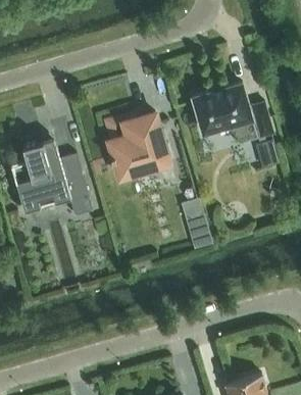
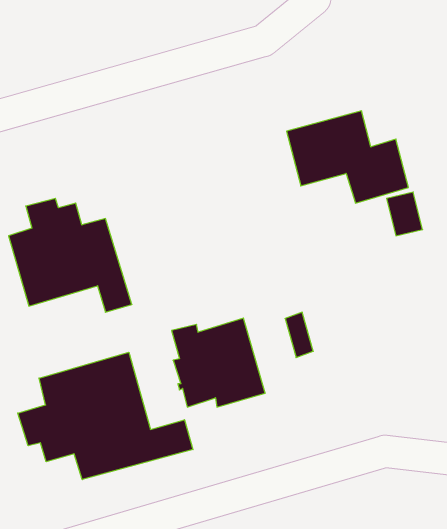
building: [107,114,168,172] -> [172,318,265,407]
building: none -> [18,352,193,480]

